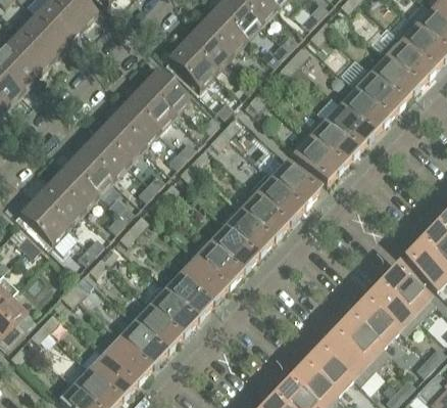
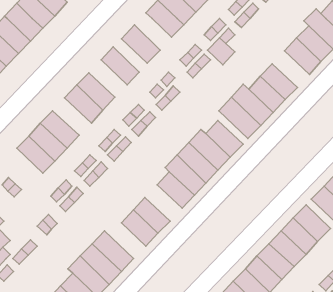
building: [183,25,230,72] -> none
building: [350,66,403,119] -> none
building: [126,84,173,131] -> none
building: [80,132,129,179] -> none
building: [18,195,67,244] -> none
building: [191,236,243,287] -> none
building: [145,283,197,334] -> none

